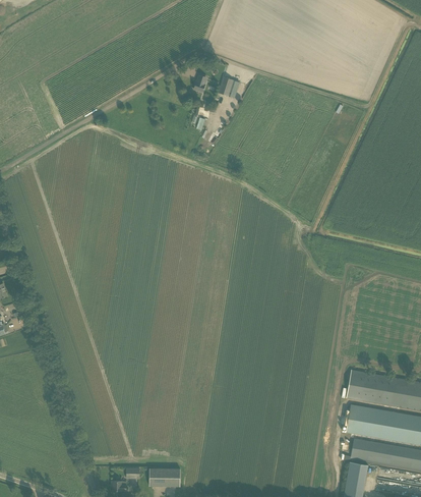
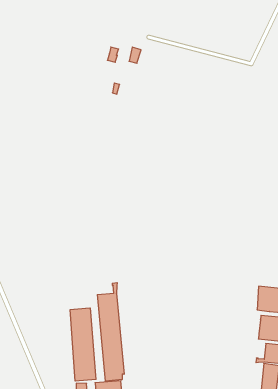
building: none -> [97,283,124,381]
building: none -> [70,308,96,381]

